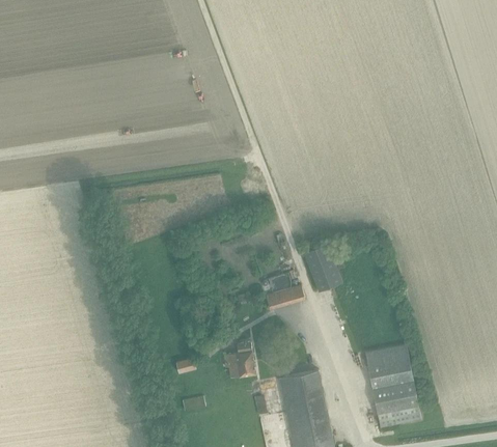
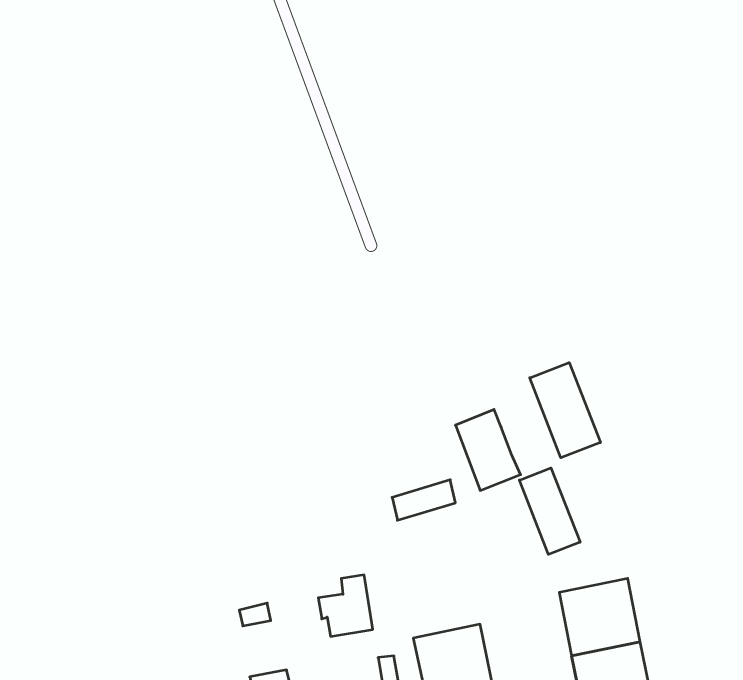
building: none -> [530,363,600,458]
building: none -> [519,468,580,554]

